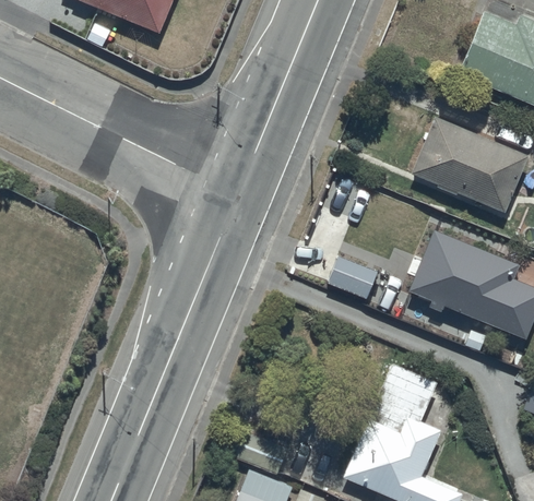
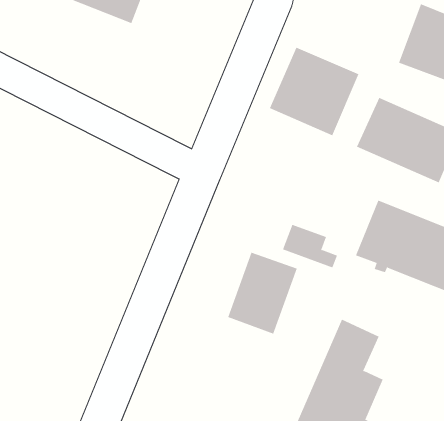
building: none -> [269,47,359,136]
building: none -> [228,252,298,334]

